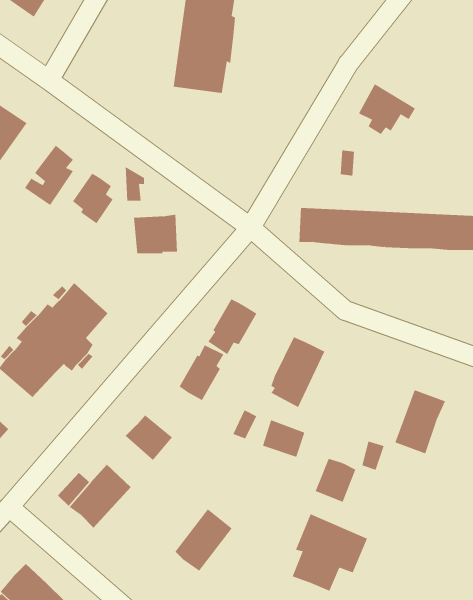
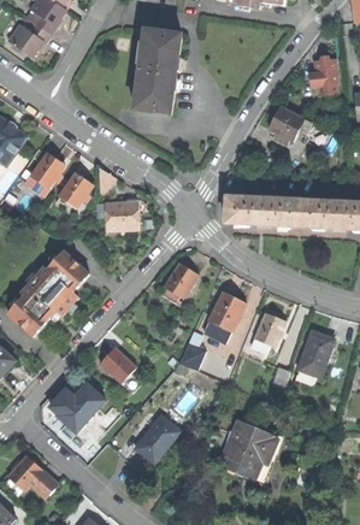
building: none -> [311,58,337,94]
building: [179,345,224,401] -> none
building: [315,458,356,503] -> [253,312,283,344]

